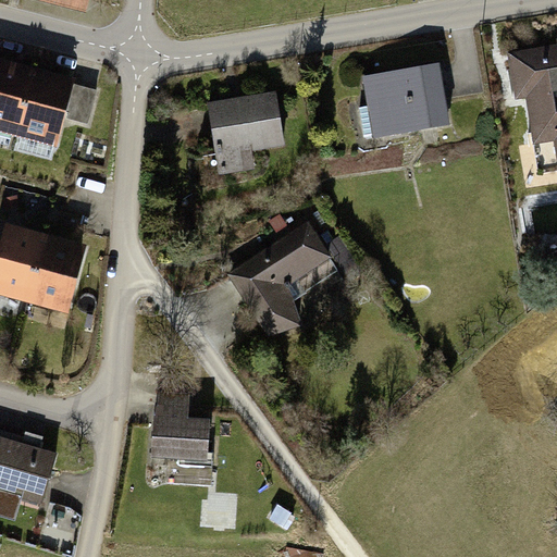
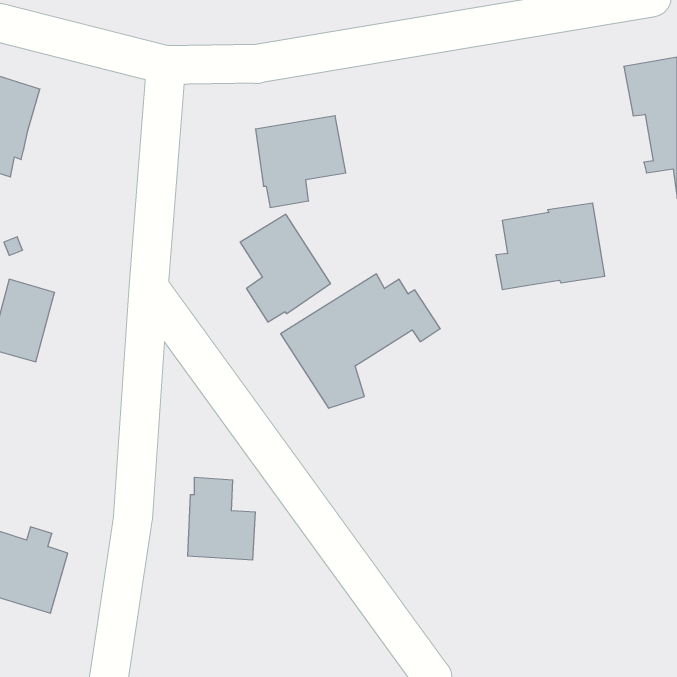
building: [359,64,448,135] -> [496,203,605,290]
building: [17,73,96,140] -> none
building: none -> [240,214,330,322]
building: [29,239,82,306] -> none

